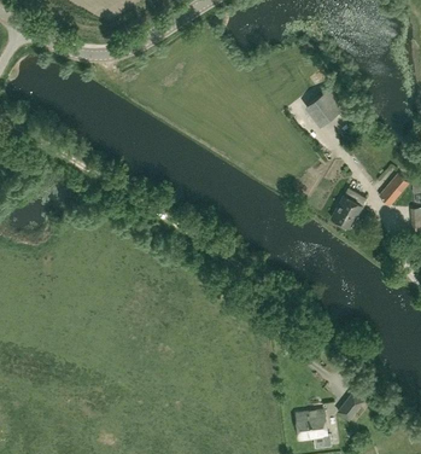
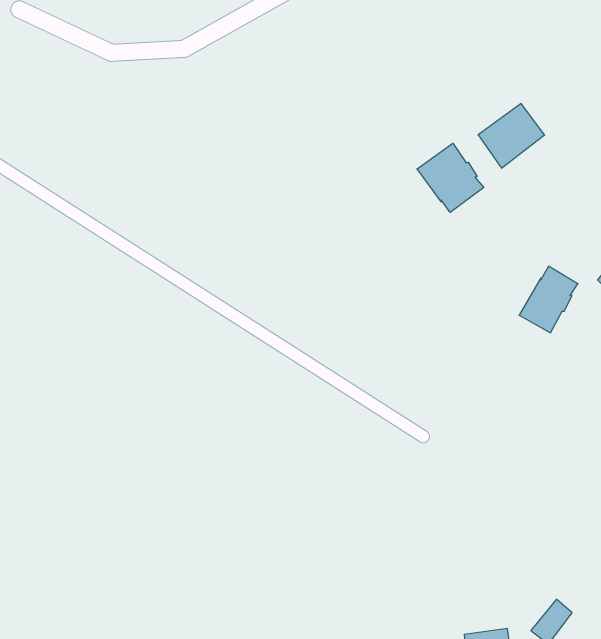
building: none -> [417,143,484,212]

